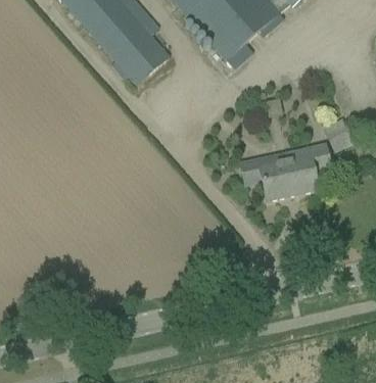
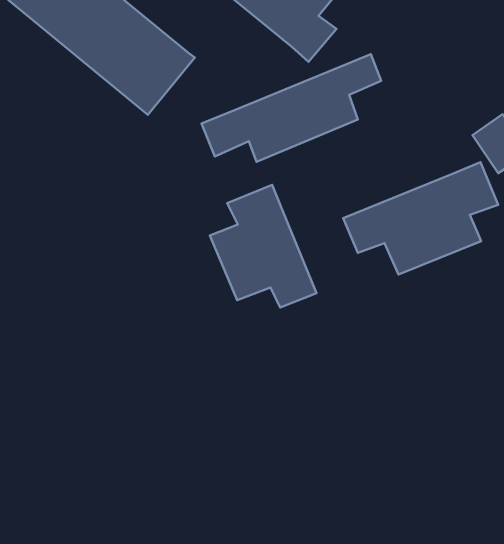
building: none -> [202,54,381,162]
building: none -> [210,185,316,308]

